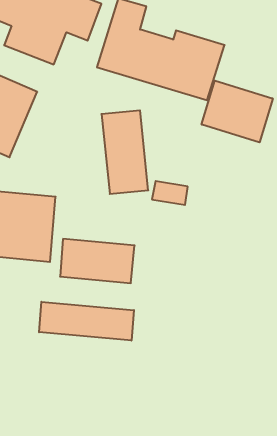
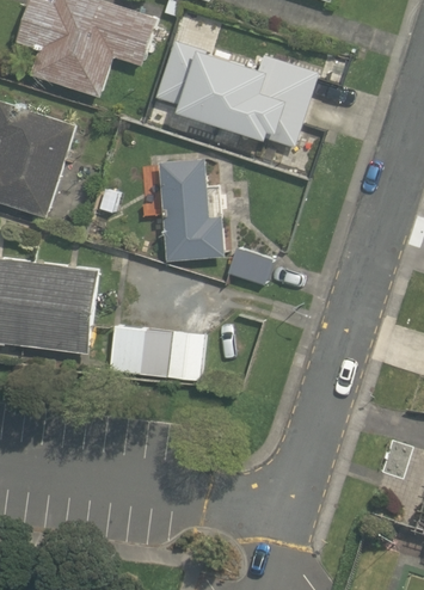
building: [202,81,273,142] -> none
building: [39,302,134,341] -> none

